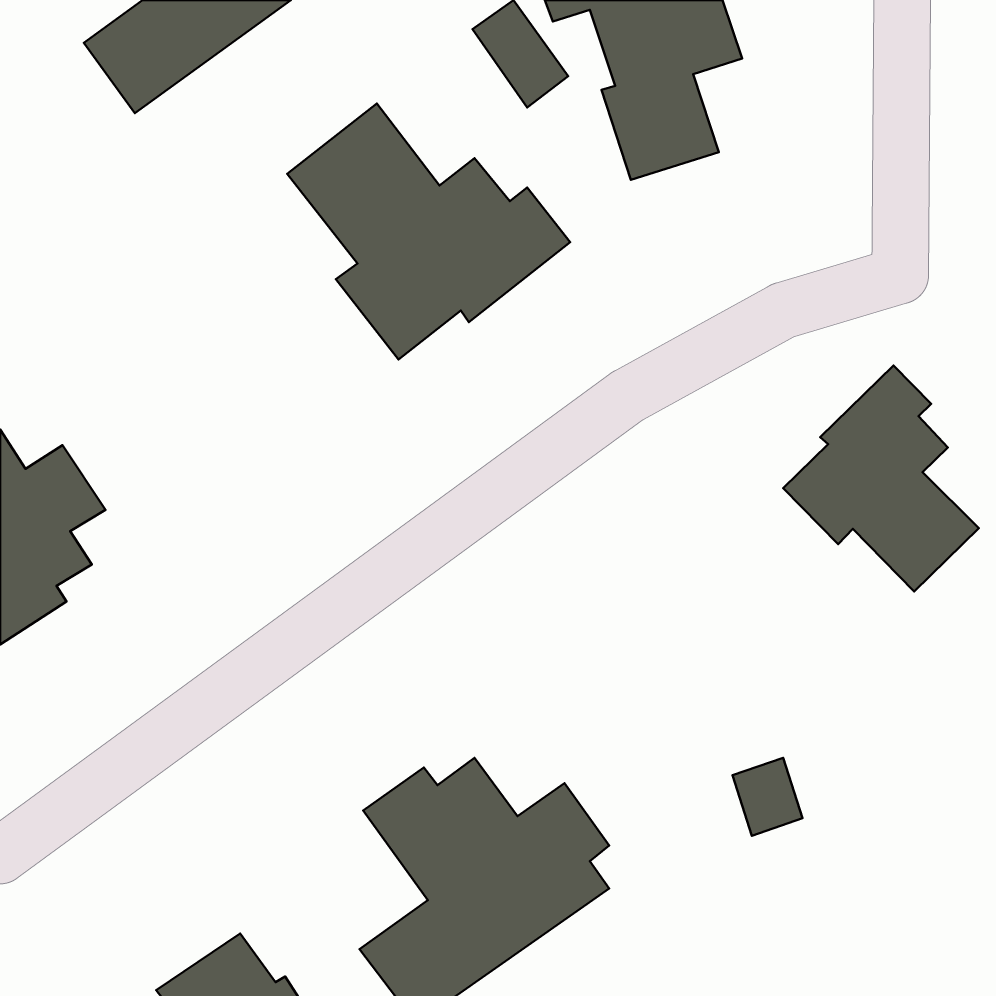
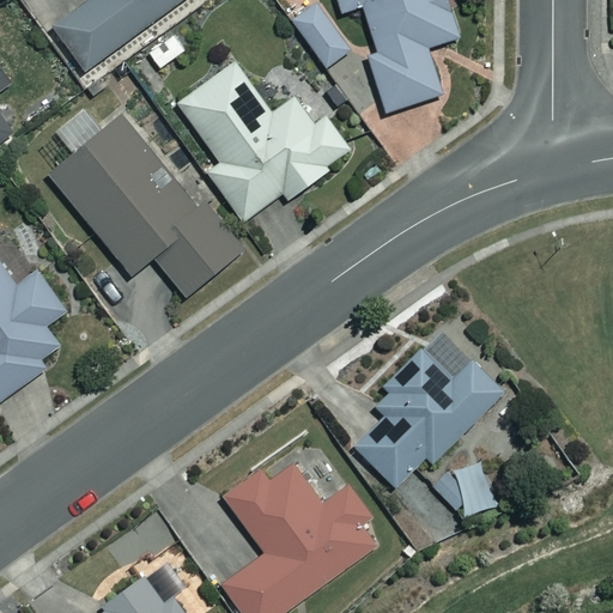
building: none -> [49,109,238,298]
building: [783,365,979,592] -> none
building: none -> [354,329,503,487]

